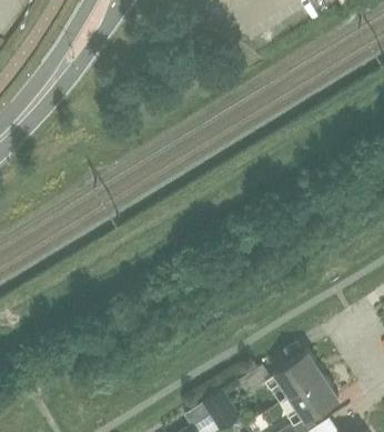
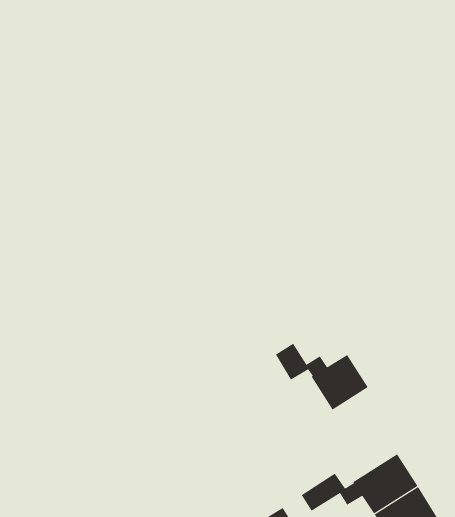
building: none -> [275,343,369,411]

